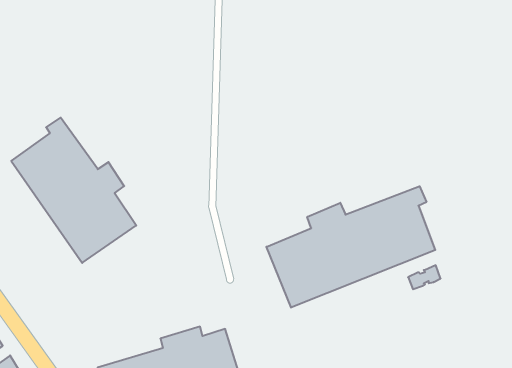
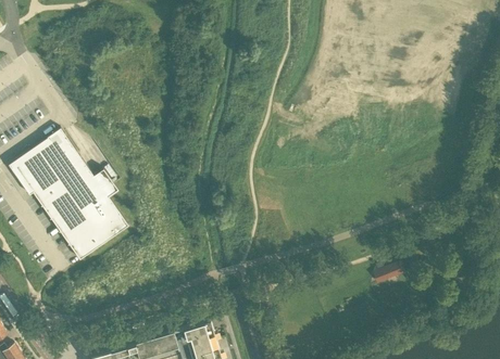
building: [266,186,435,308] -> none

